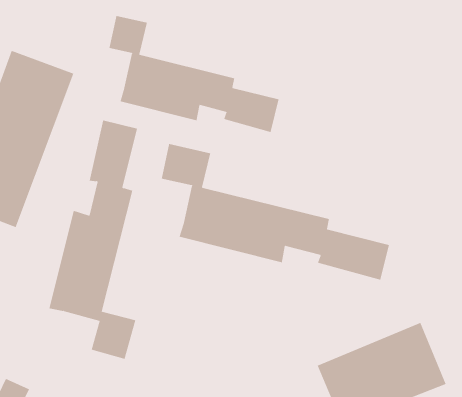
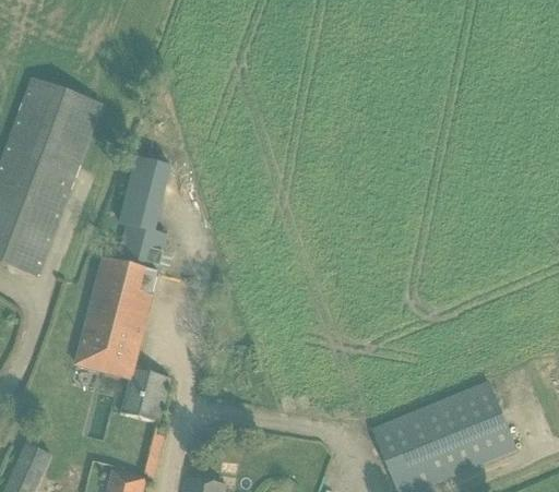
building: [109,15,279,133] -> none
building: [161,143,389,281] -> none

